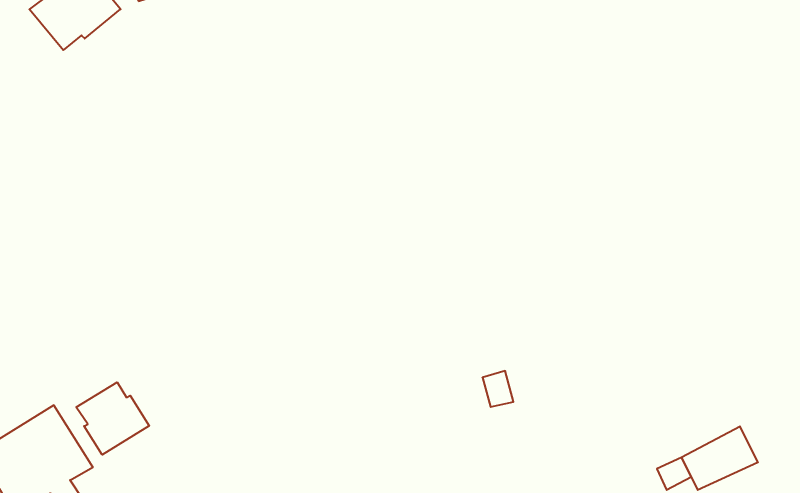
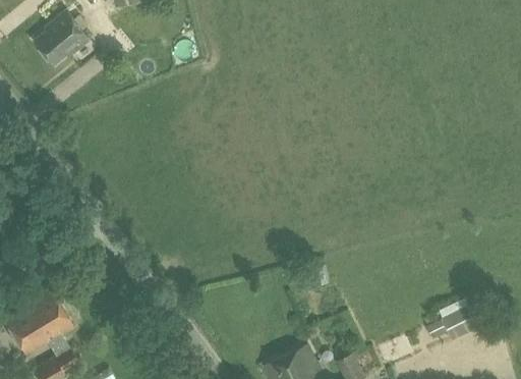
building: [76,382,149,455] -> none

